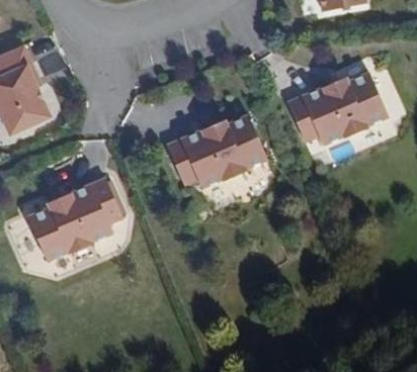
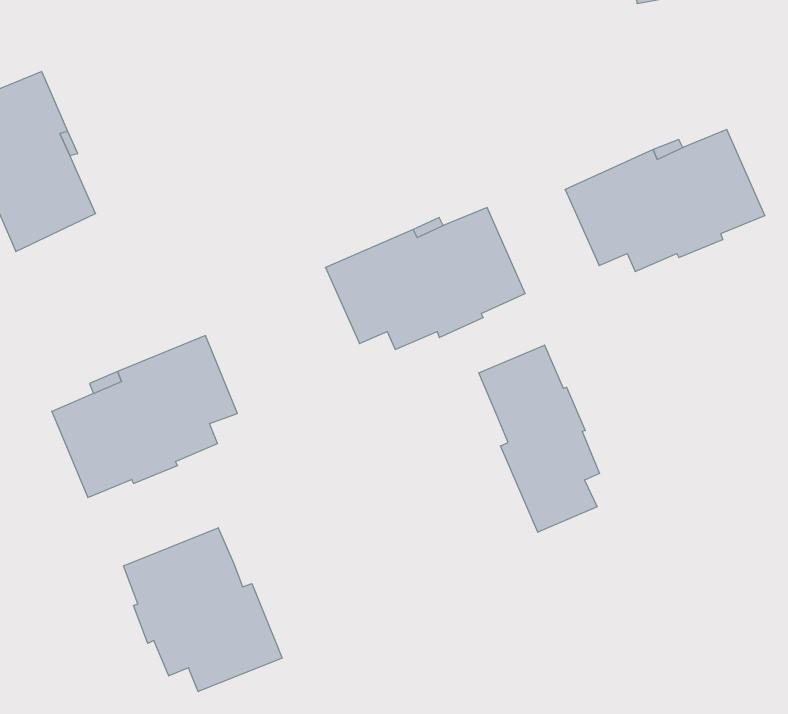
building: none -> [479,345,599,532]
building: none -> [123,528,282,692]

